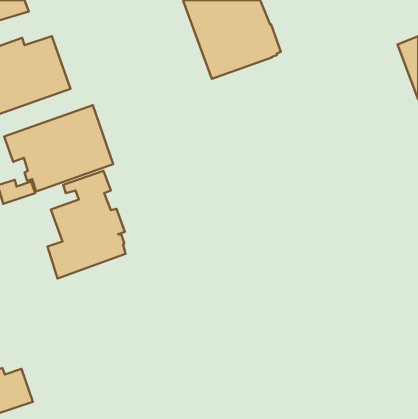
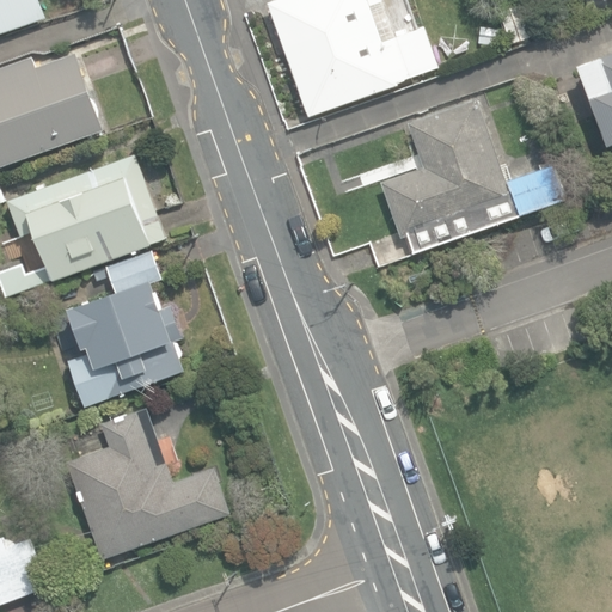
building: none -> [368,102,565,265]
building: none -> [66,409,230,558]

